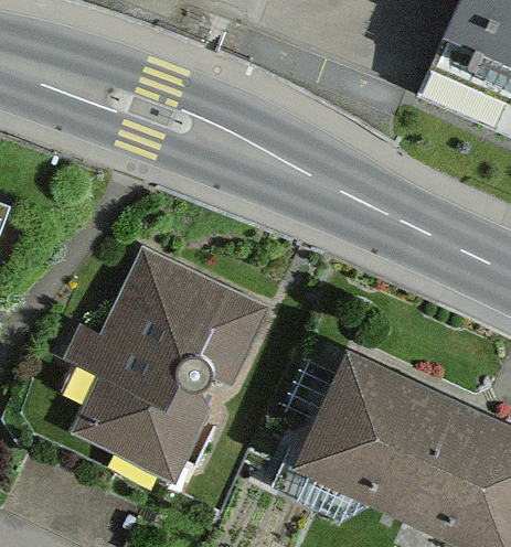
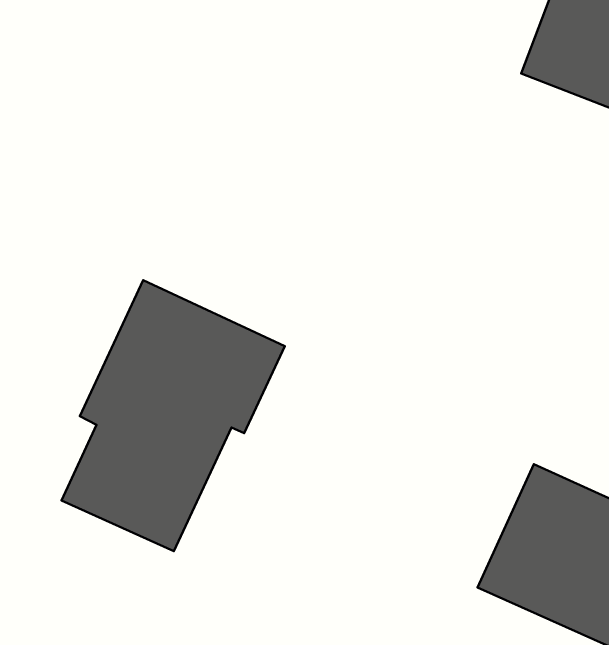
building: [305,355,451,497] -> none

